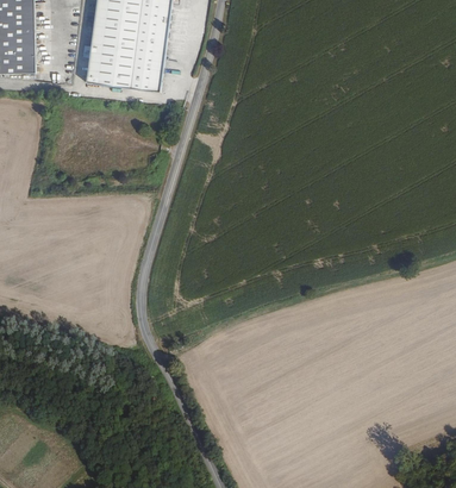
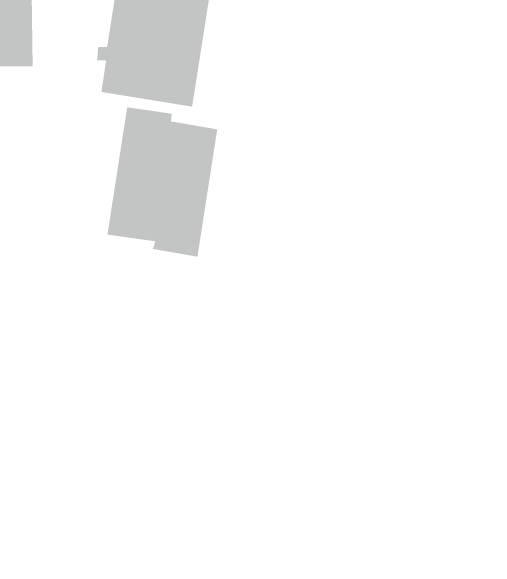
building: none -> [106,106,218,258]

